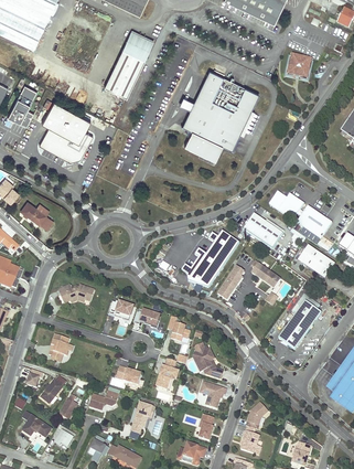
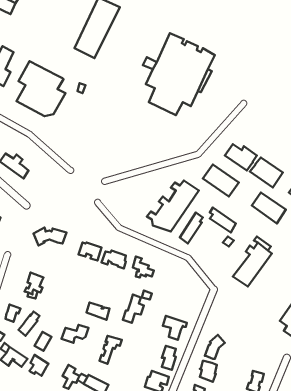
building: [283,53,313,83] -> none
building: [195,345,223,379] -> none

